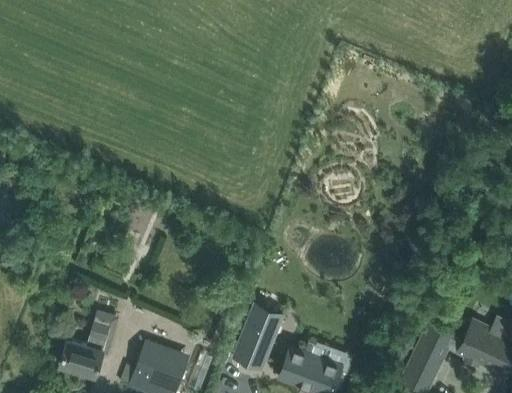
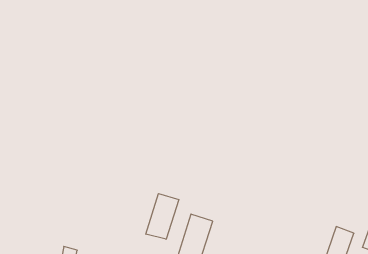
building: none -> [146,194,179,239]

